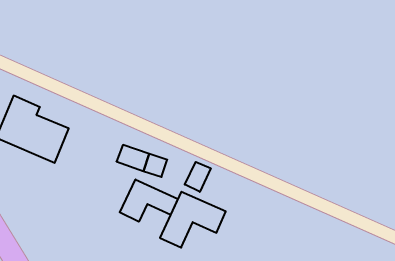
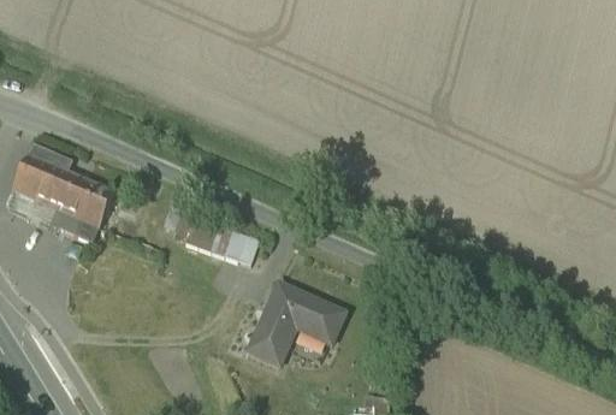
building: [185,162,211,192] -> none
building: [120,179,178,222] -> none

